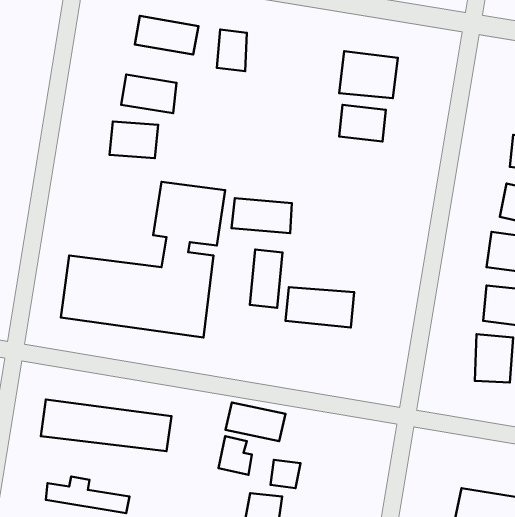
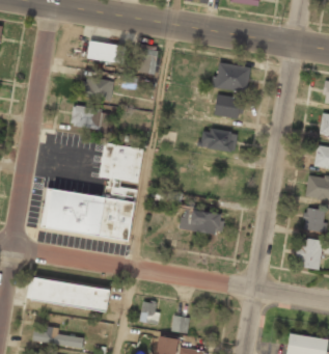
building: [231,198,292,233] -> [199,129,237,151]
building: [250,249,283,308] -> none
building: [226,403,285,441] -> none

